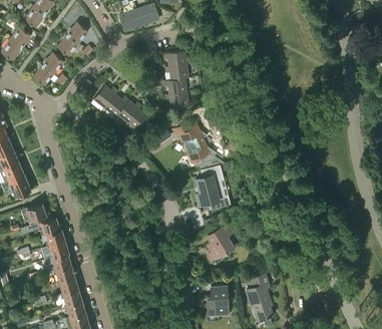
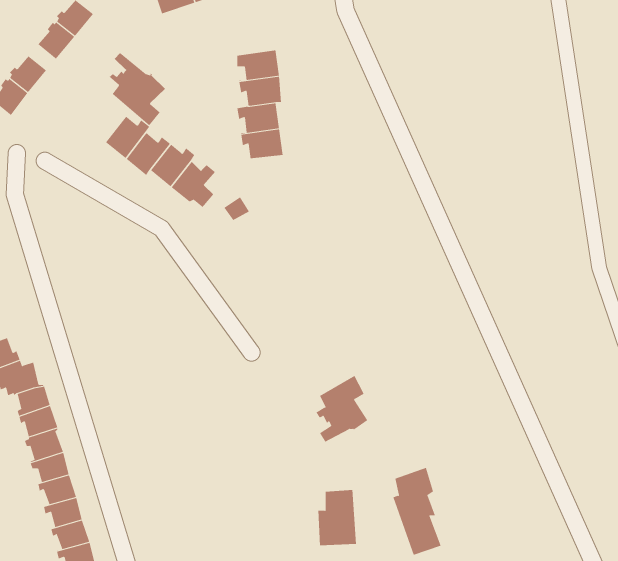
building: none -> [109,52,166,126]
building: [172,119,219,163] -> none
building: [196,164,223,205] -> none

